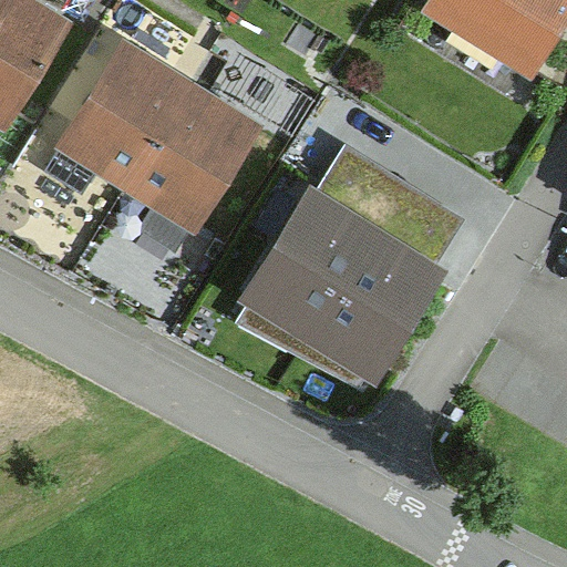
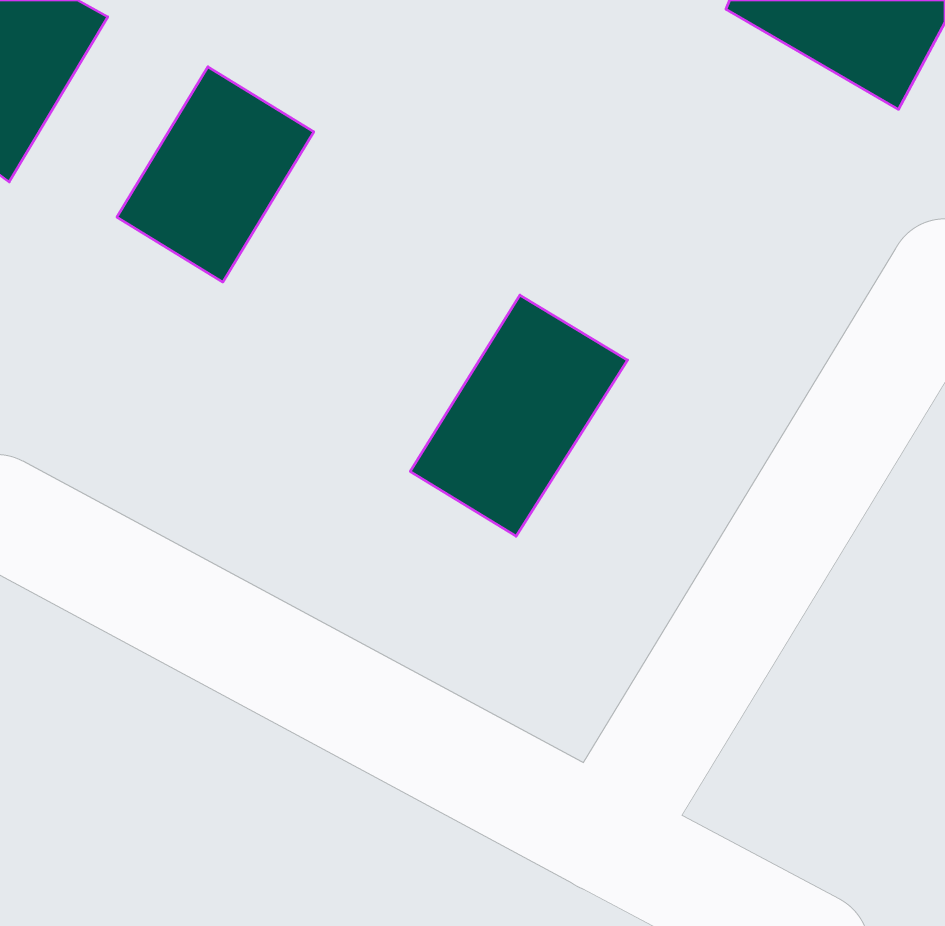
building: [133,92,250,220] -> none
building: [308,228,437,373] -> none

